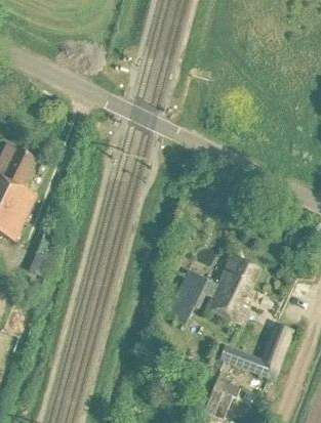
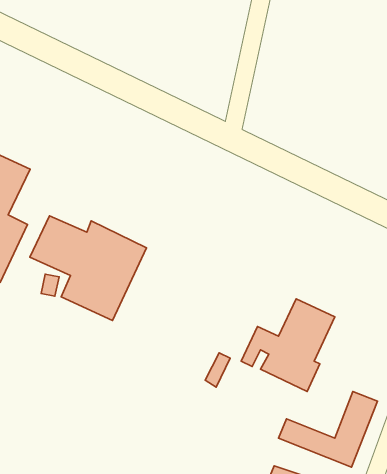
building: none -> [30,216,146,320]

